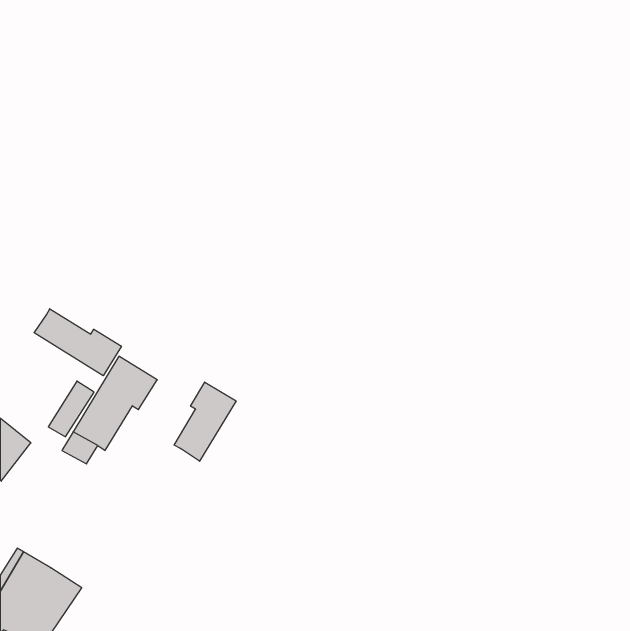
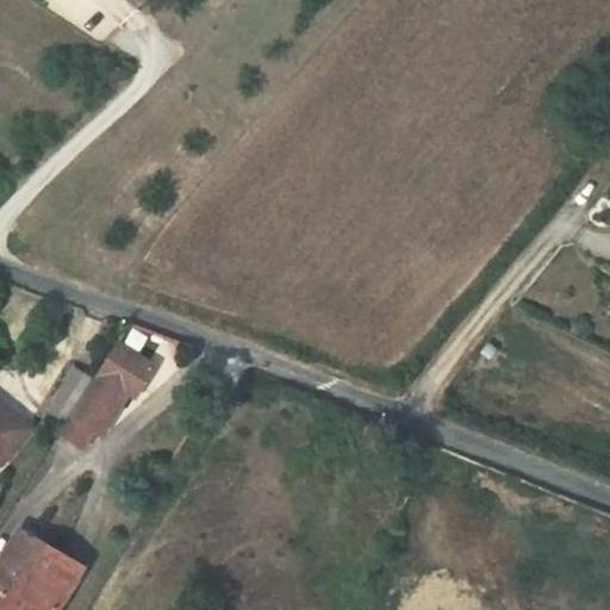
building: [34,309,121,376] -> none
building: [174,382,236,461] -> none

